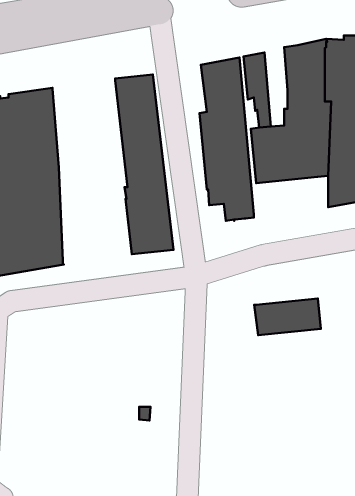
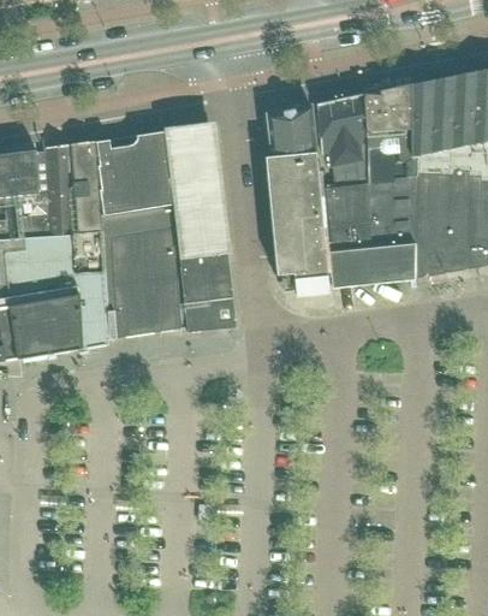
building: none -> [340,93,367,184]
building: none -> [96,130,181,338]
building: [254,299,321,335] -> [328,242,405,284]

